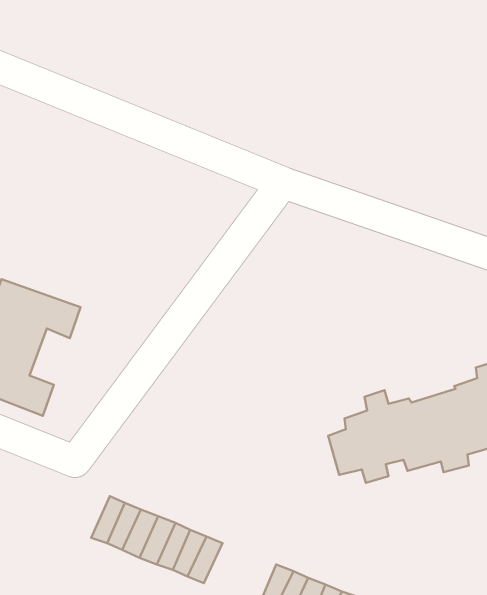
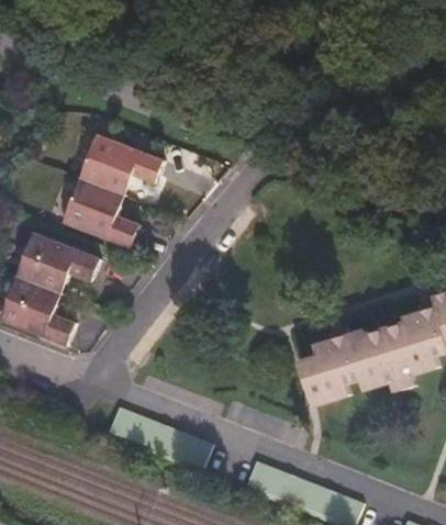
building: none -> [62,135,157,246]

